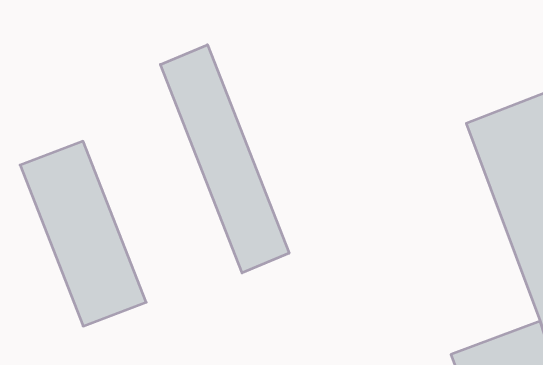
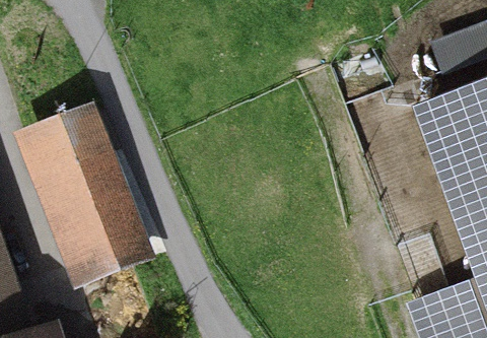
building: [160,45,289,273] -> none

